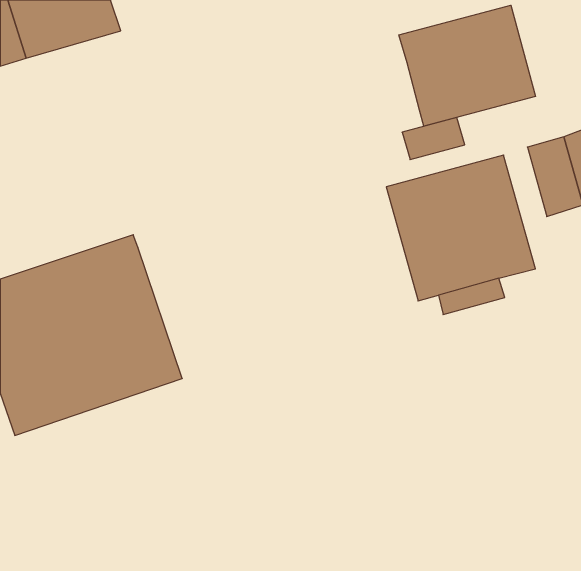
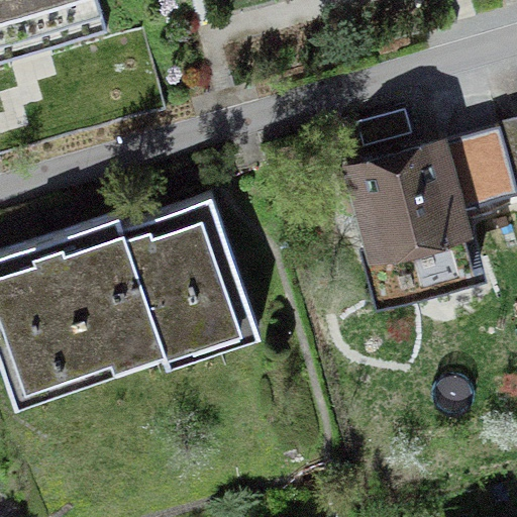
building: [399,5,536,126] -> none
building: none -> [123,200,254,365]

